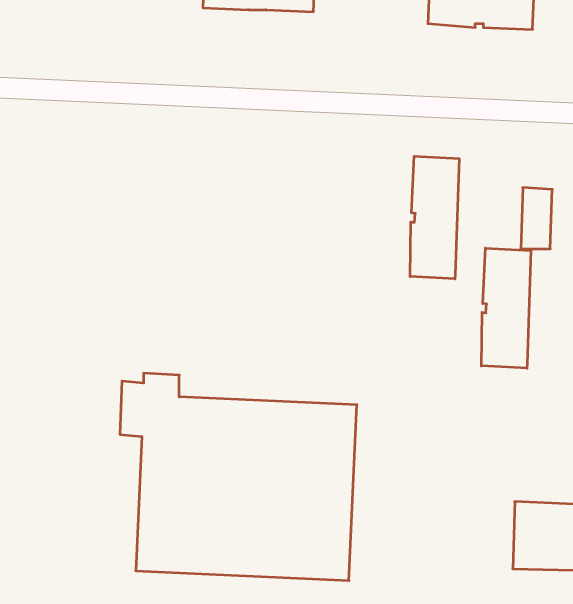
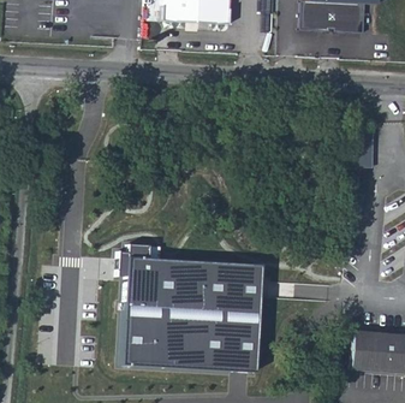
building: [410,156,459,279] -> none
building: [481,248,531,368] -> none

